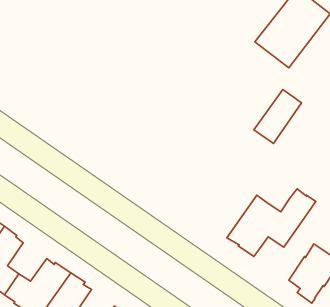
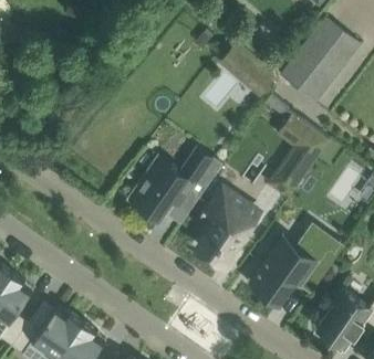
building: none -> [128,156,214,219]
building: none -> [197,186,259,264]

